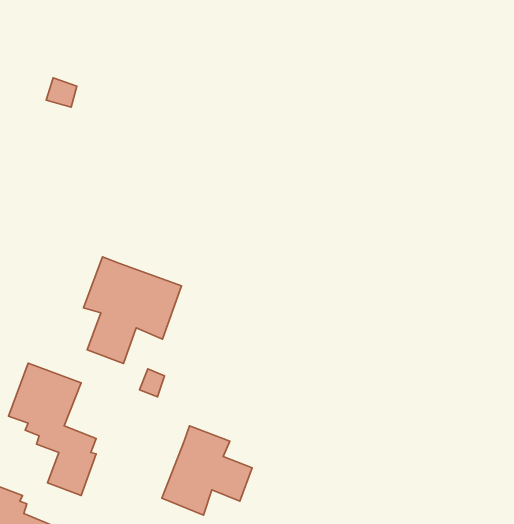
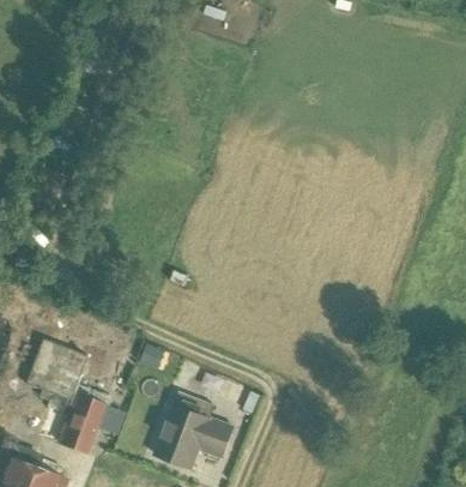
building: [83,257,181,364] -> none

